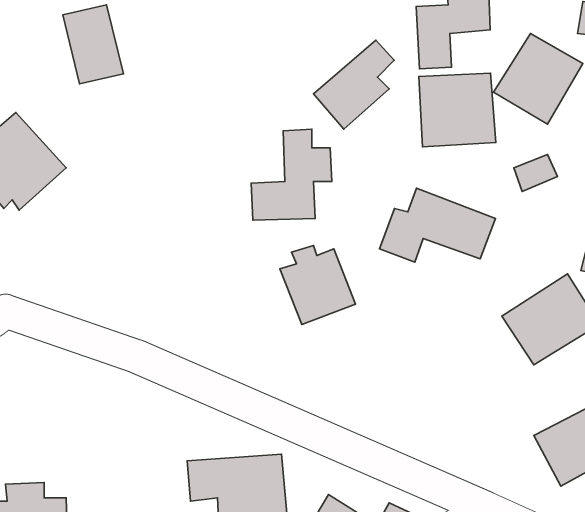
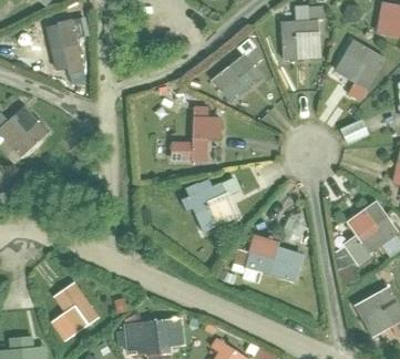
building: [419,73,496,147] -> none
building: [379,188,495,262] -> [228,234,305,283]
building: none -> [49,281,98,332]

